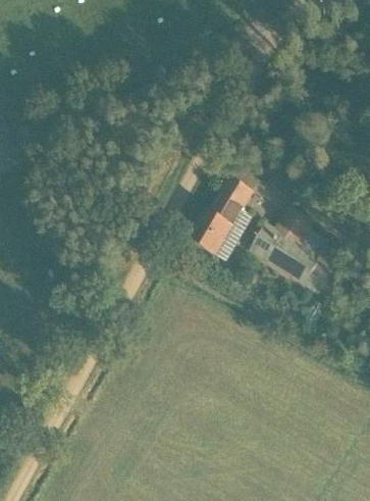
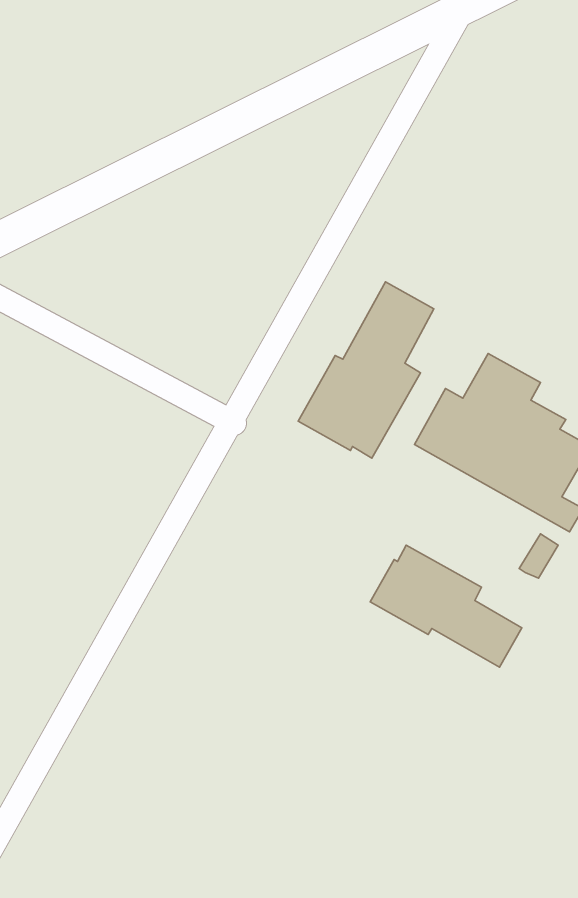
building: none -> [370,545,522,667]

